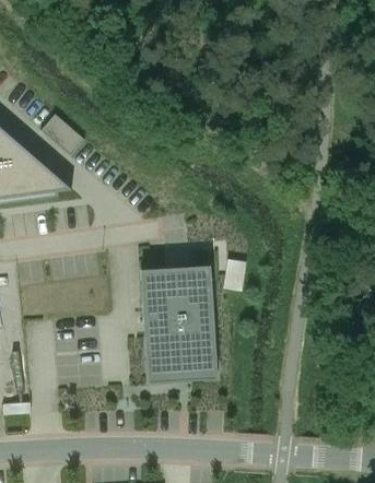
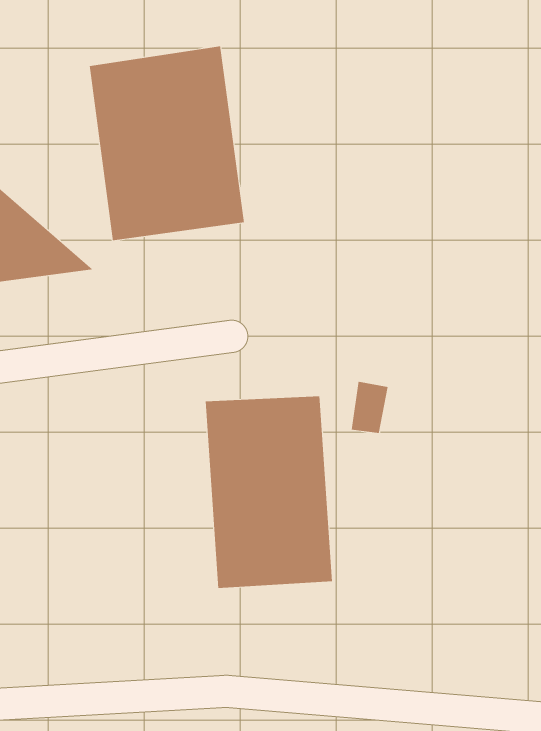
building: none -> [89,46,244,241]

